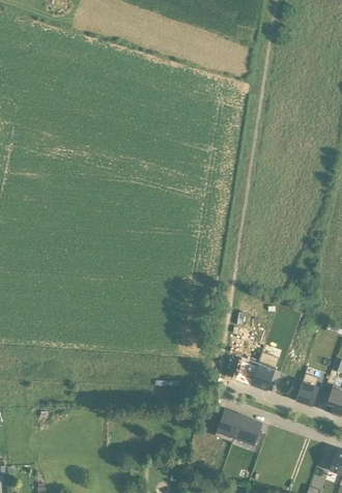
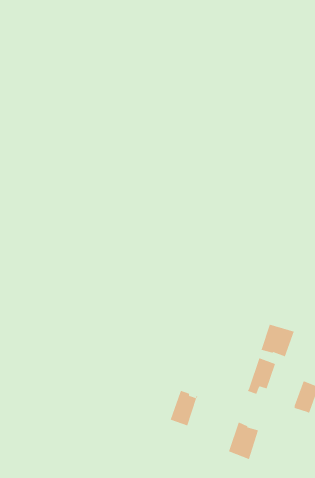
building: none -> [261,324,295,357]
building: [215,408,243,443] -> [170,390,198,426]

